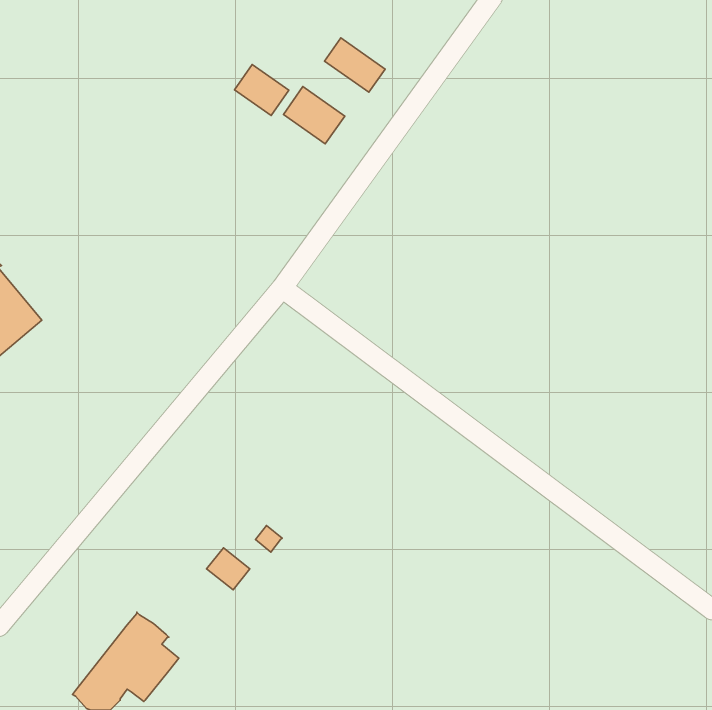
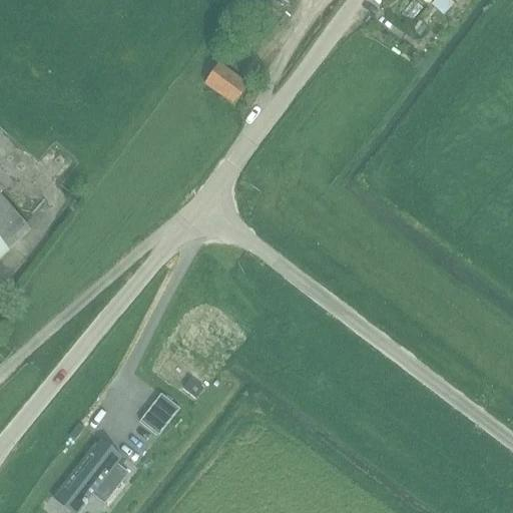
building: [325,38,385,92] -> none
building: [235,64,289,116] -> none

